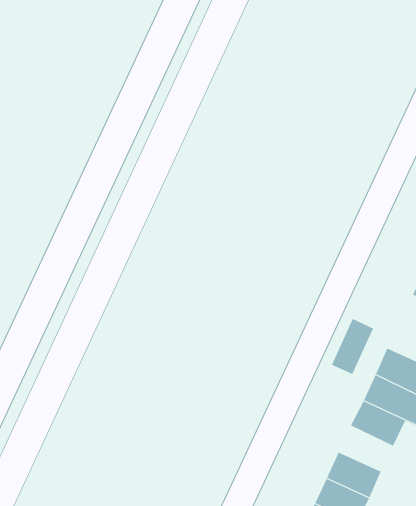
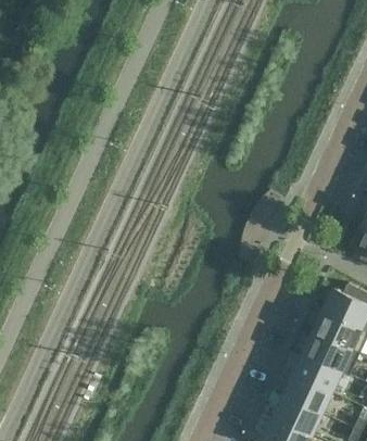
building: [331,318,374,375] -> none
building: none -> [294,352,340,390]

